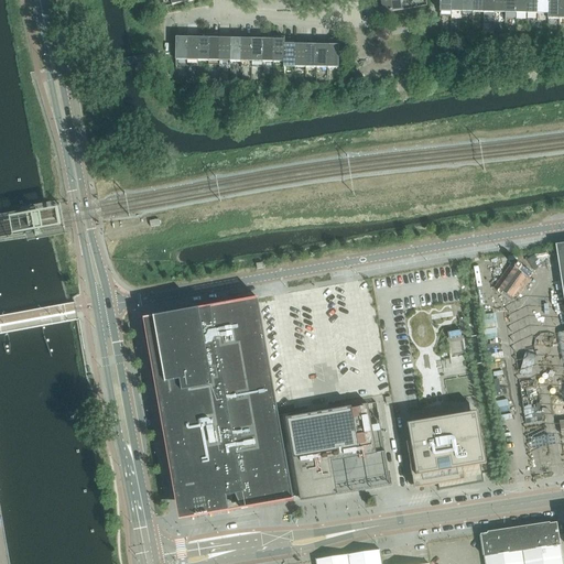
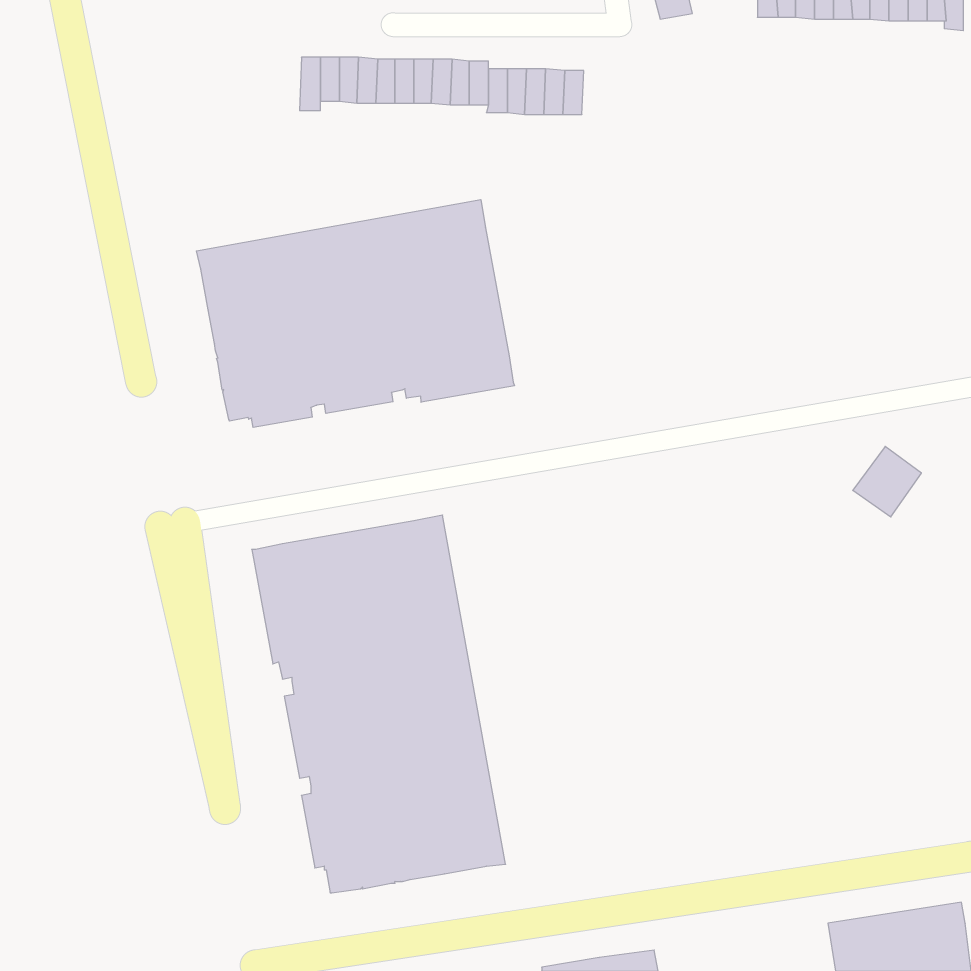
building: none -> [196,200,514,427]
building: [284,402,389,499] -> none
building: [404,411,485,488] -> none

